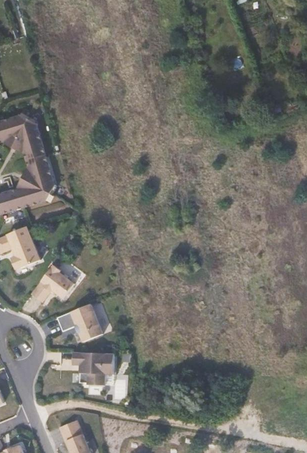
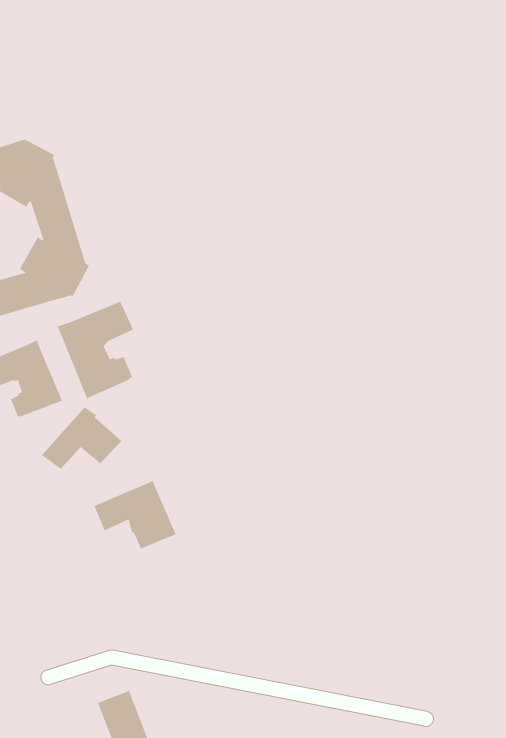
building: none -> [57,301,134,399]
building: [72,351,114,383] -> none

